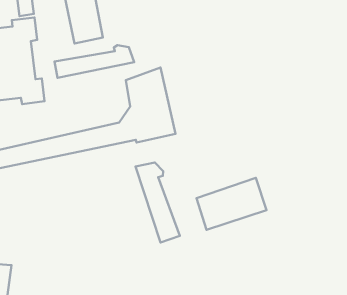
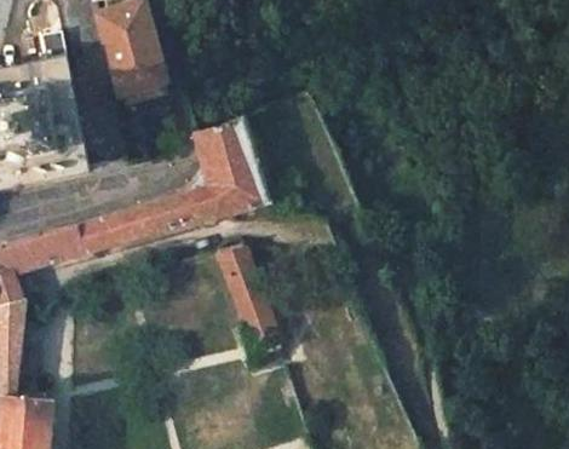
building: [55,45,134,78] -> none
building: [196,178,266,230] -> none

